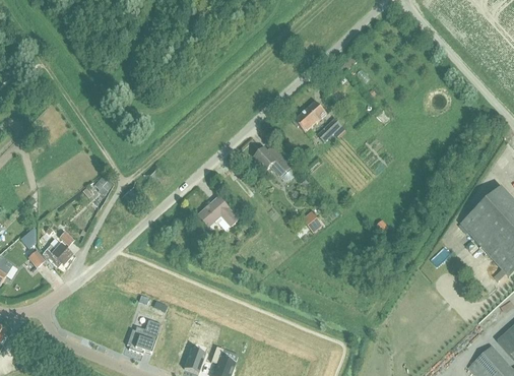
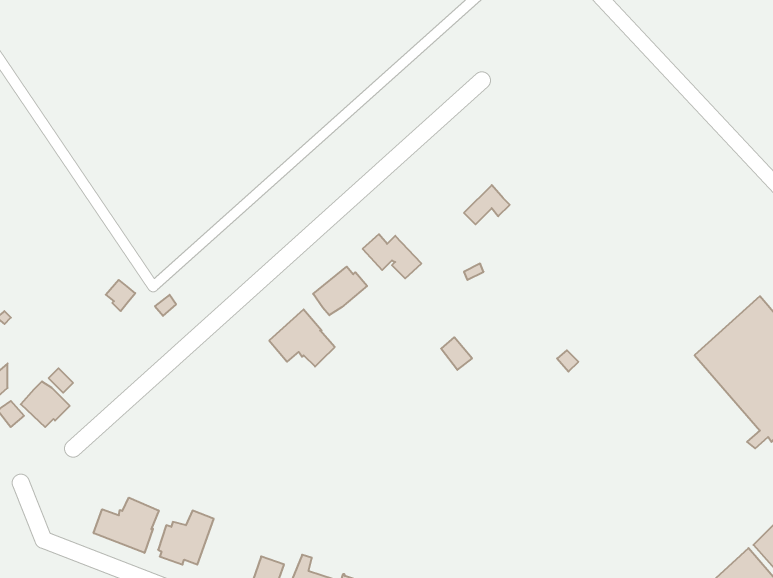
building: [294,101,326,132] -> none
building: none -> [313,267,367,315]
building: none -> [94,498,159,553]

